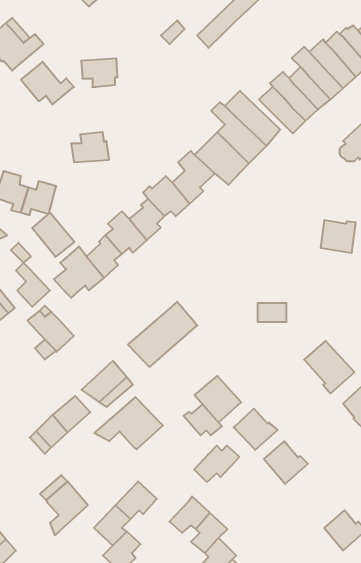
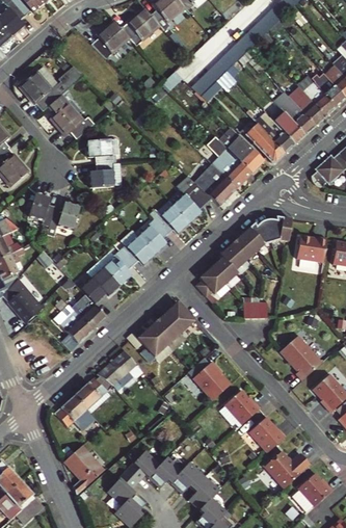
building: [81,58,118,87] -> [88,140,118,164]
building: none -> [196,217,291,297]
building: [32,213,74,257] -> none
building: [16,263,50,307] -> [79,294,107,331]
building: [94,397,163,449] -> none
building: [184,405,222,436] -> none
building: [194,446,239,482] -> [150,458,187,489]
building: none -> [265,452,312,490]

